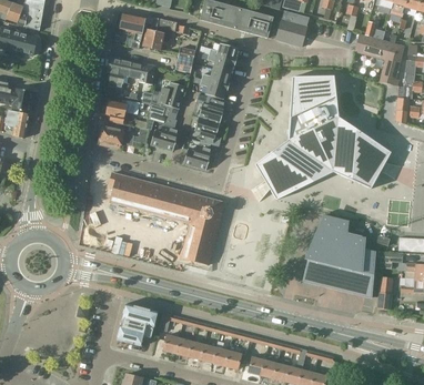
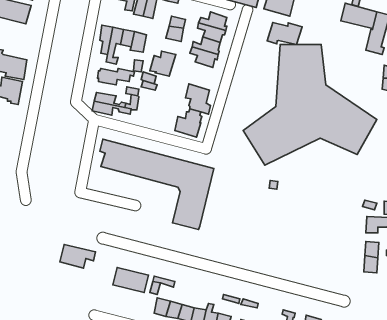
building: none -> [267,22,302,45]
building: [196,92,232,122] -> none
building: [151,125,179,150] -> none
building: [303,214,375,297] -> none
building: [117,321,153,345] -> [60,244,96,268]

